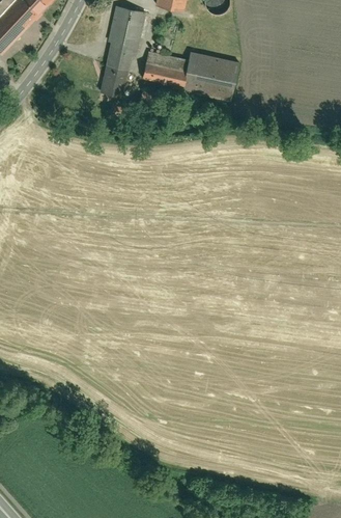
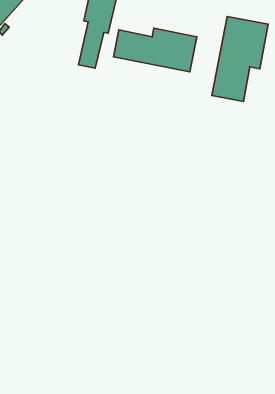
building: none -> [212,16,268,102]

